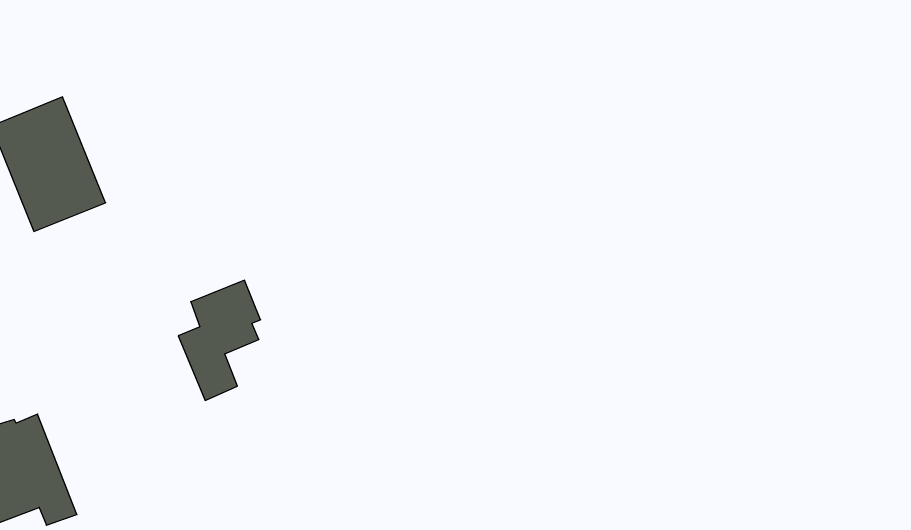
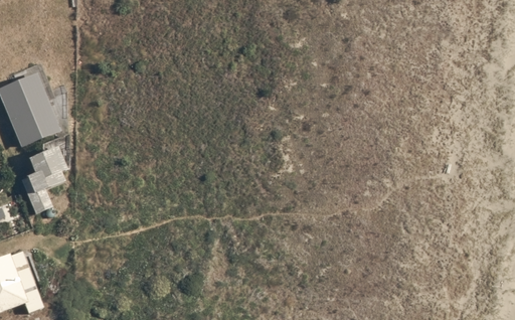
building: [178,280,261,400] -> [20,147,66,214]

